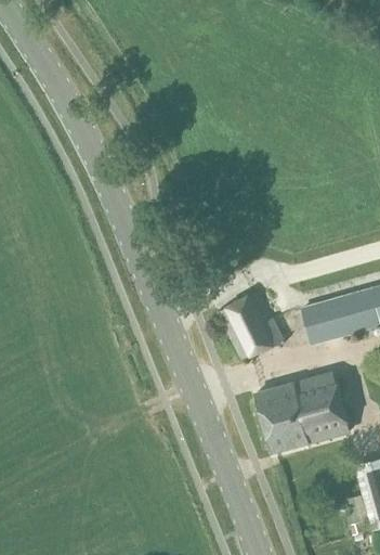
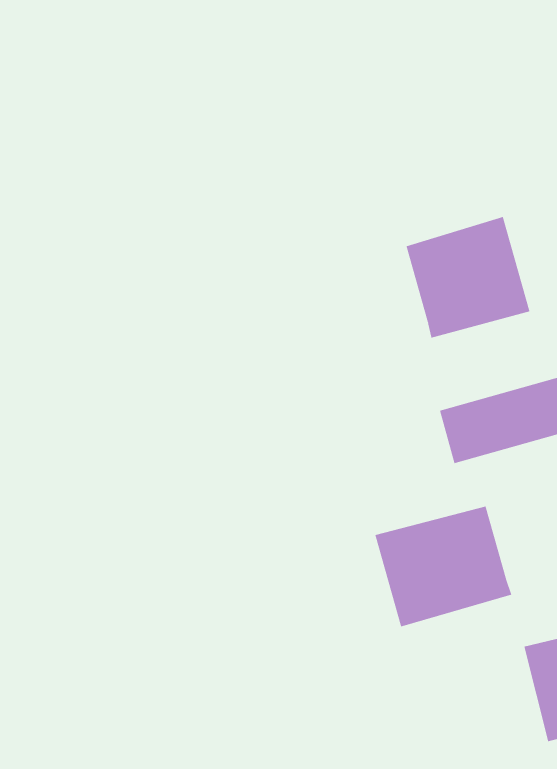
building: none -> [406,216,530,338]
building: [218,291,281,361] -> none

